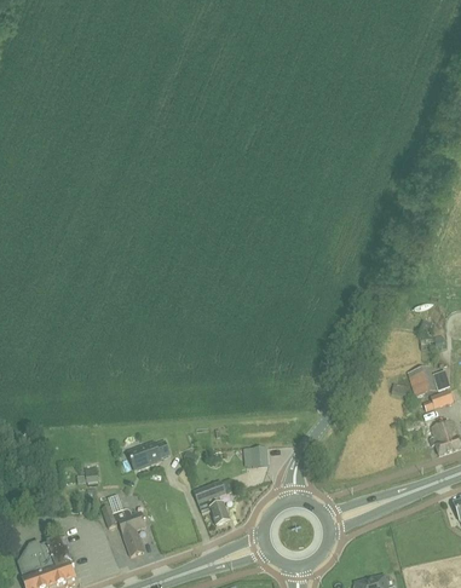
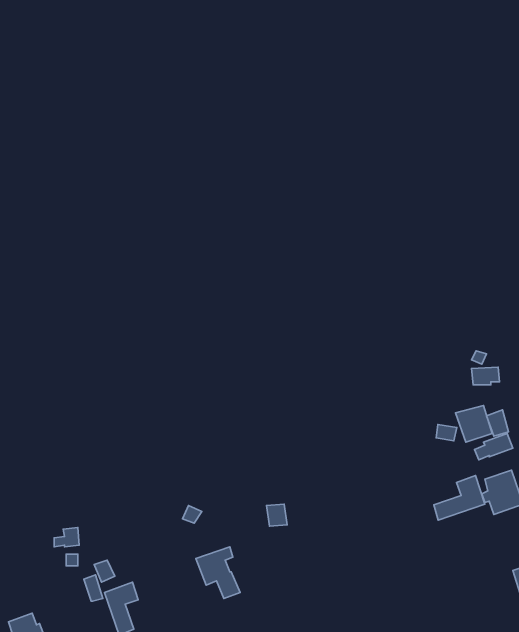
building: none -> [434,475,485,520]
building: [126,440,169,471] -> none

